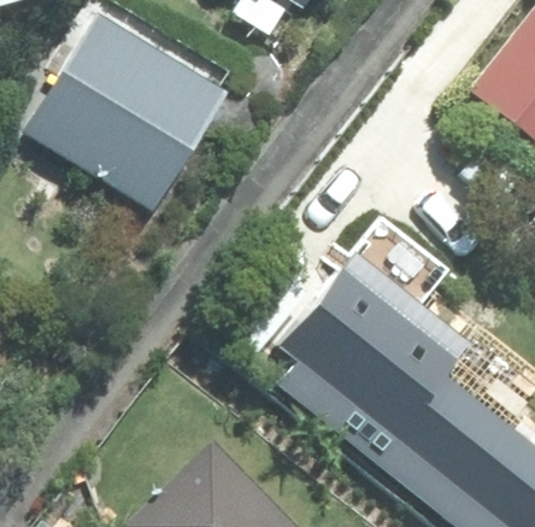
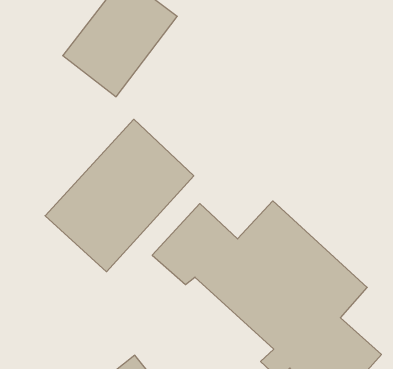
building: none -> [45,119,194,272]

